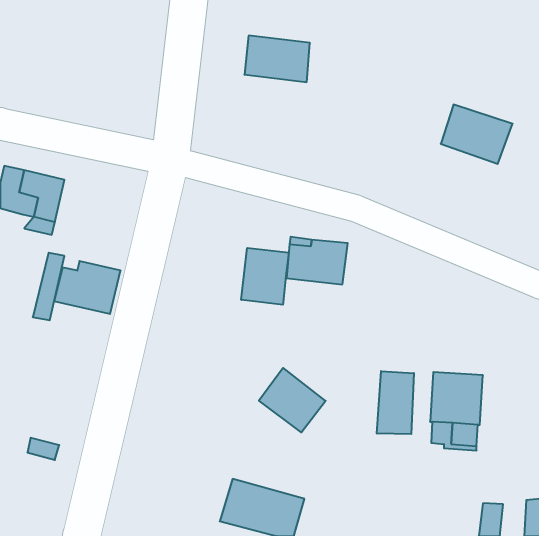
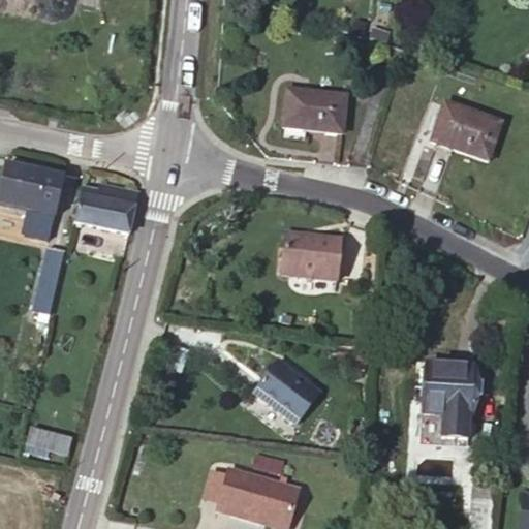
building: [244,36,310,82] -> [282,88,346,133]
building: [241,248,289,305] -> none
building: [54,261,121,314] -> [74,181,139,232]
building: [377,371,414,434] -> none

